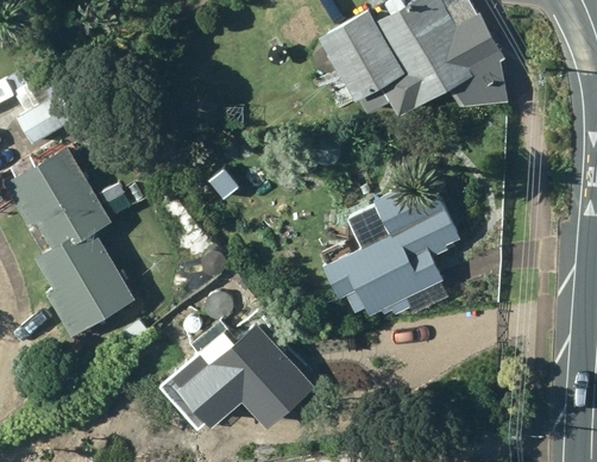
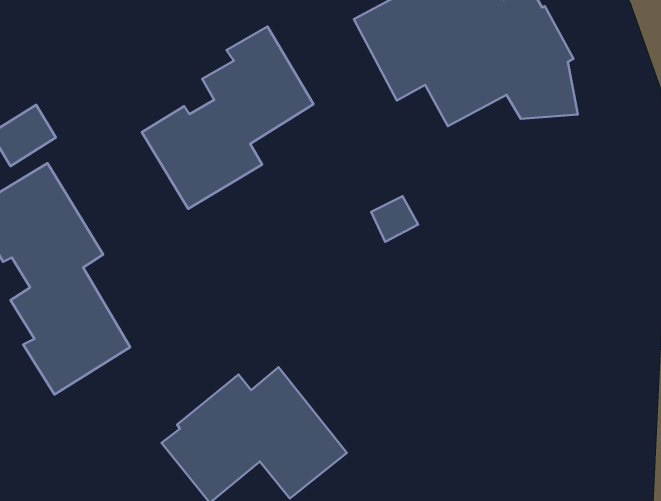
building: none -> [142,26,313,209]
building: [323,217,490,319] -> none

